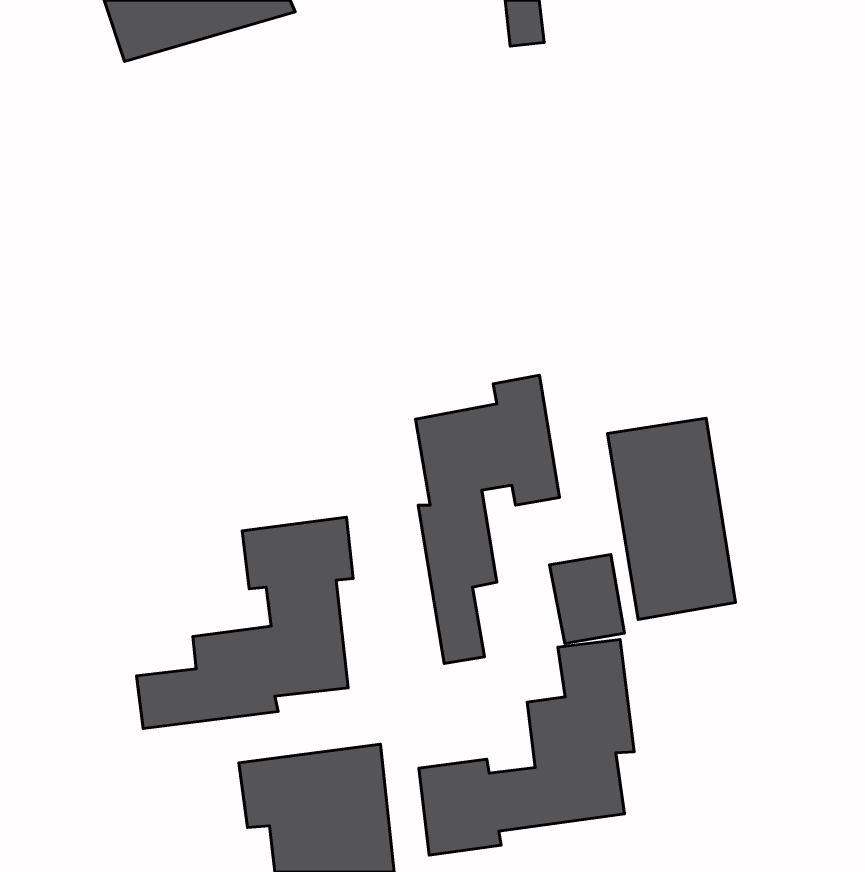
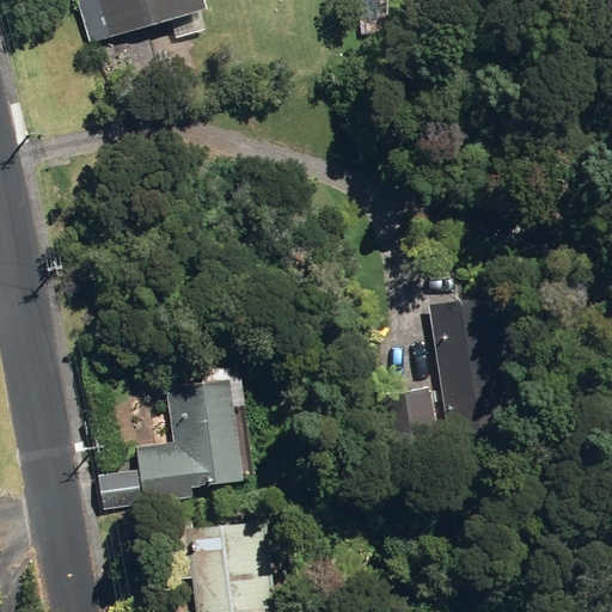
building: [415,375,559,663] -> none
building: [419,639,634,855] -> none

